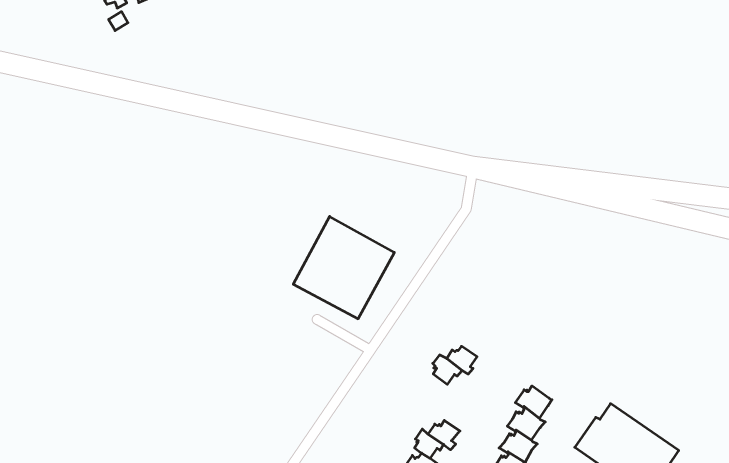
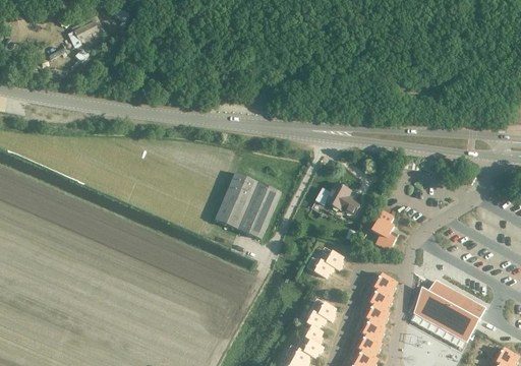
building: none -> [314,182,359,213]
building: none -> [372,210,396,250]

